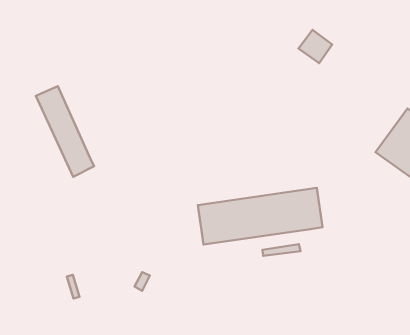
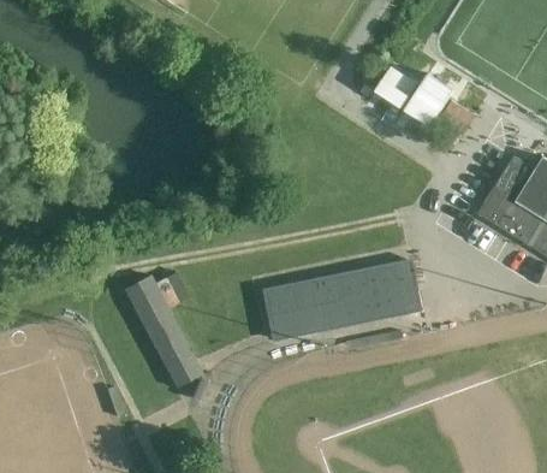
building: none -> [405,72,454,125]
building: [36,86,94,177] -> [124,276,201,386]

